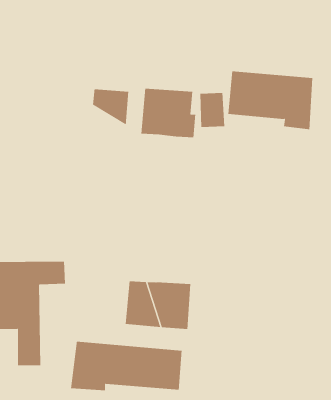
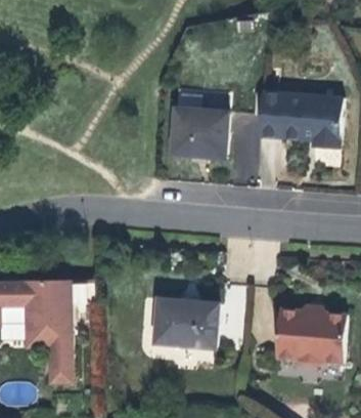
building: [92,89,129,125] -> none
building: none -> [275,307,348,368]
building: [71,341,182,391] -> none

